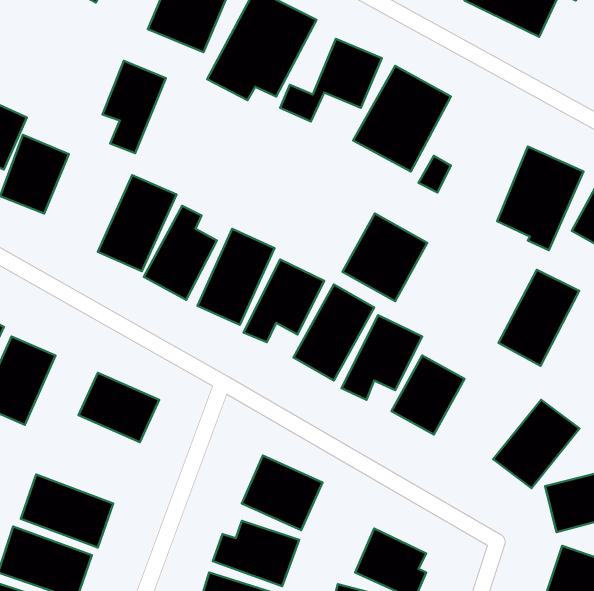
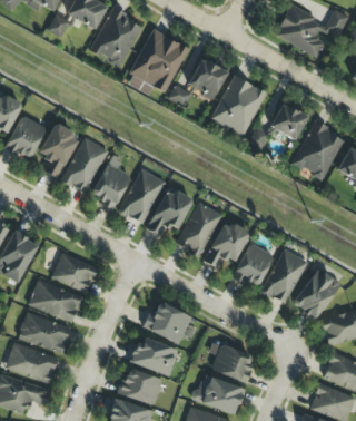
building: [103,61,166,153] -> [40,125,77,178]
building: none -> [270,104,308,139]
building: [343,214,427,301] -> none
building: [498,270,579,366] -> [261,249,308,305]
building: none -> [28,281,82,323]

